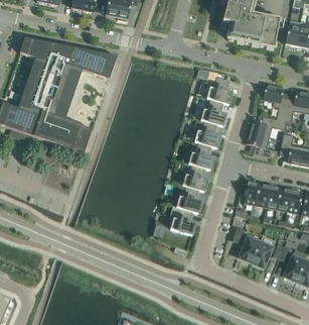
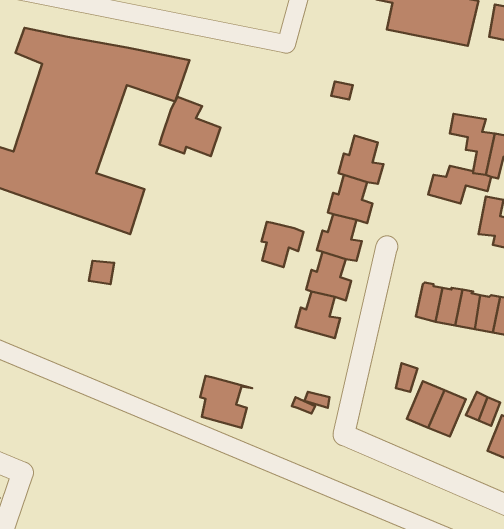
building: [207,76,233,104] -> none
building: none -> [159,97,221,156]
building: [249,131,278,157] -> none
building: none -> [262,222,304,267]
building: [170,205,199,234] -> [200,376,252,428]

